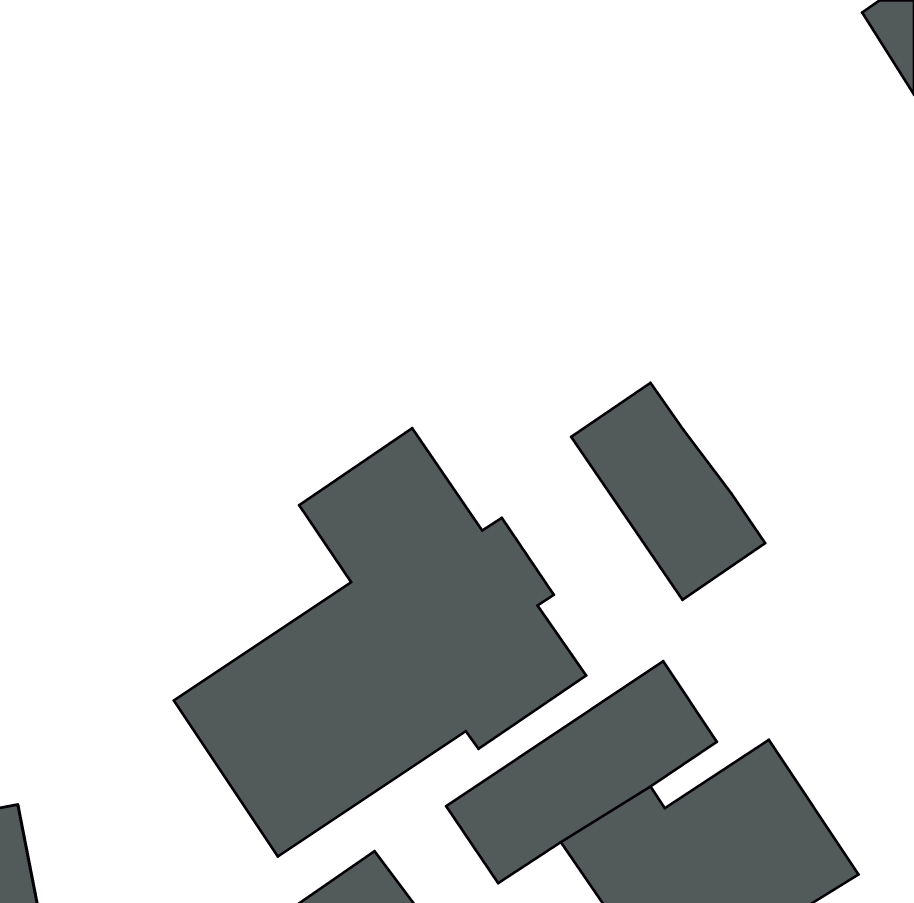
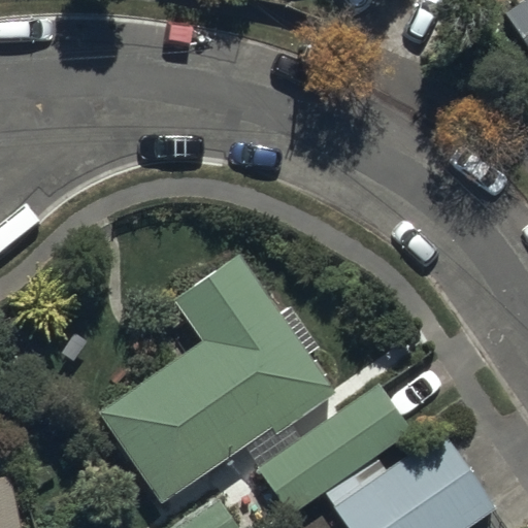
building: [571,383,765,600] -> none

